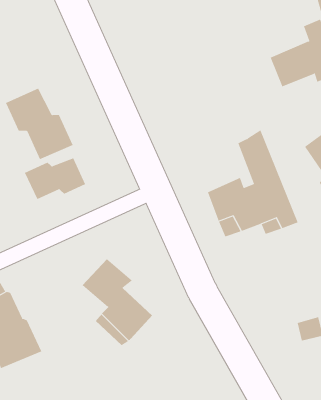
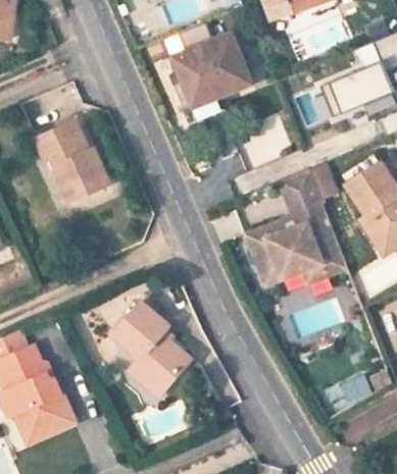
building: none -> [173,34,252,105]
building: [24,157,86,200] -> none

